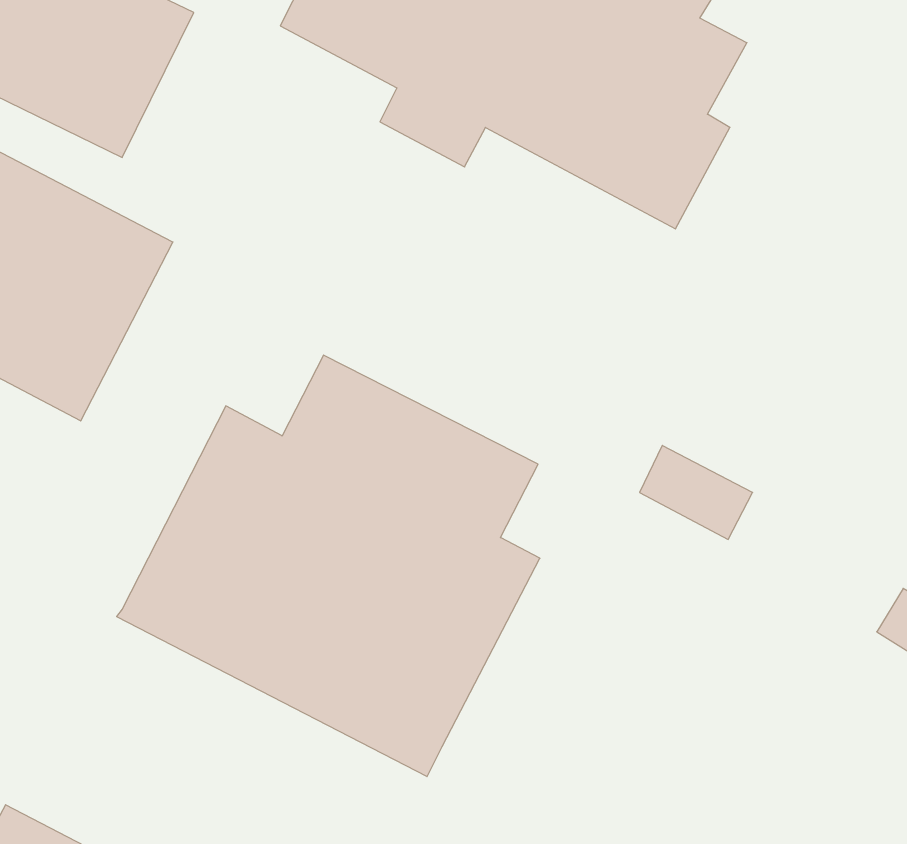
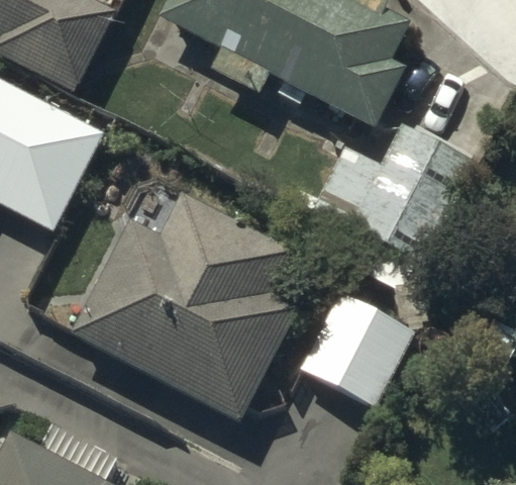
building: none -> [315,126,474,260]
building: none -> [302,292,412,404]

